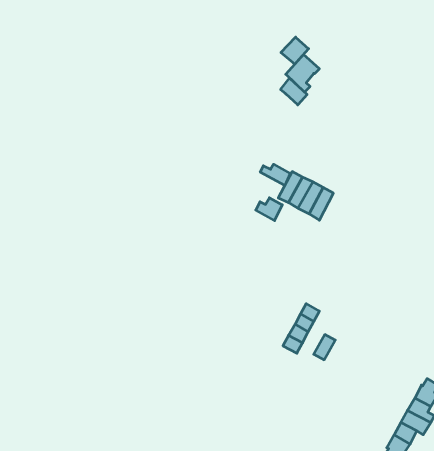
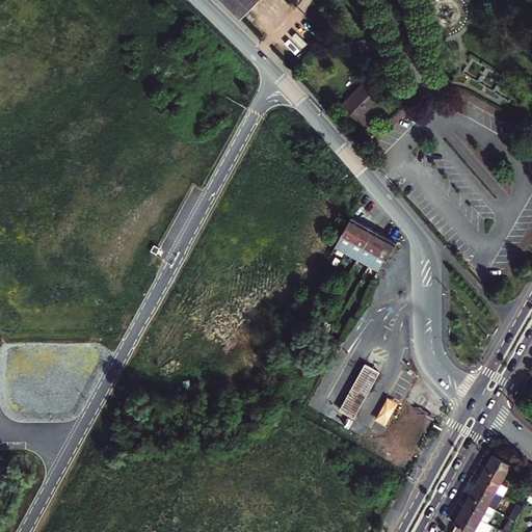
building: [281,37,309,64] -> none
building: [281,78,307,105] -> none
building: [260,164,290,186] -> none
building: [256,198,282,221] -> none

